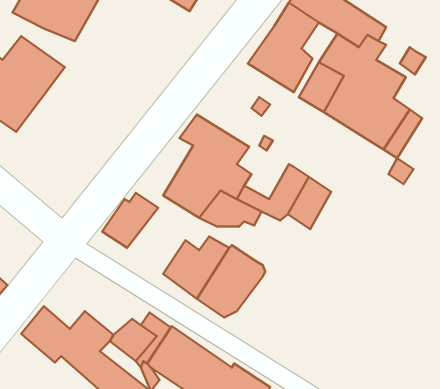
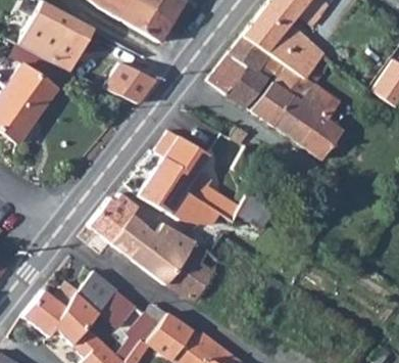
building: none -> [109,64,157,107]
building: none -> [111,212,159,260]
building: none -> [77,269,121,310]

